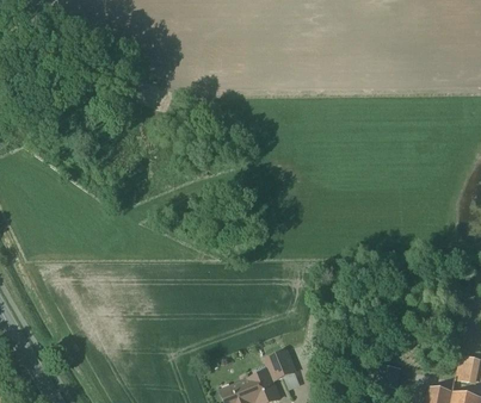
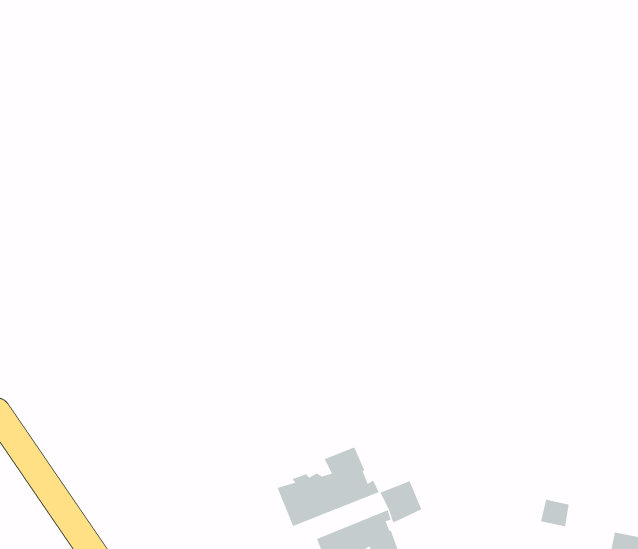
building: none -> [277,447,379,527]

